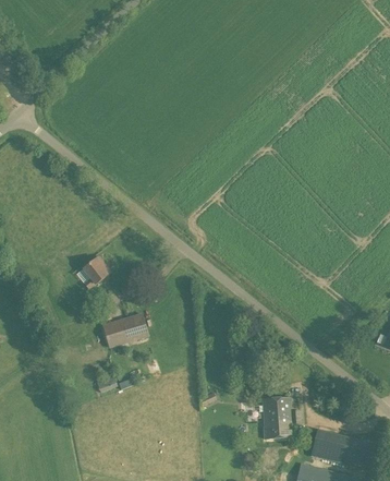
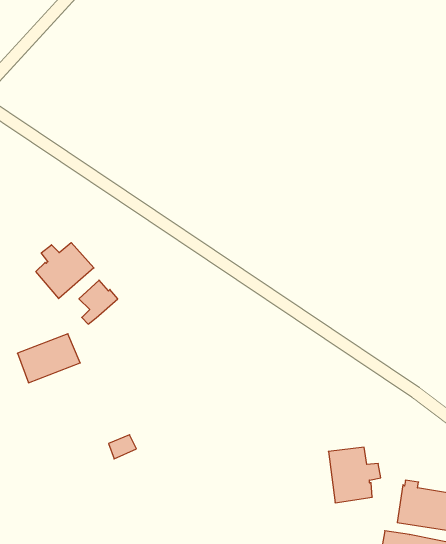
building: none -> [36,243,94,299]
building: [102,313,149,348] -> [17,334,80,383]

